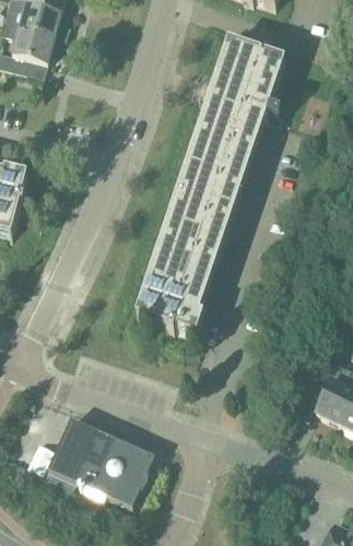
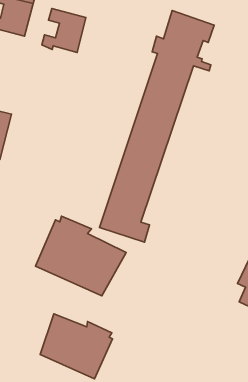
building: none -> [42,9,86,52]
building: none -> [36,216,126,296]

